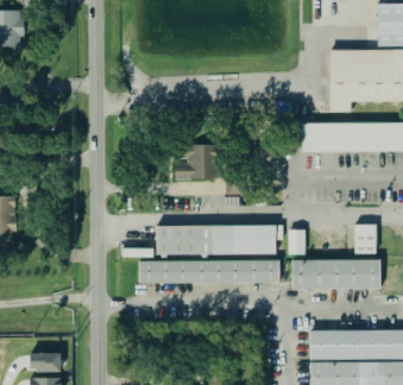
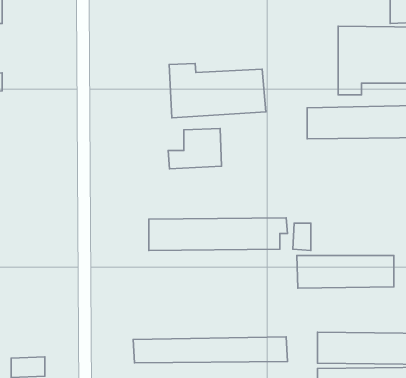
building: none -> [169,63,266,118]
building: [354,223,376,253] -> none
building: [138,259,279,283] -> [133,337,287,363]

